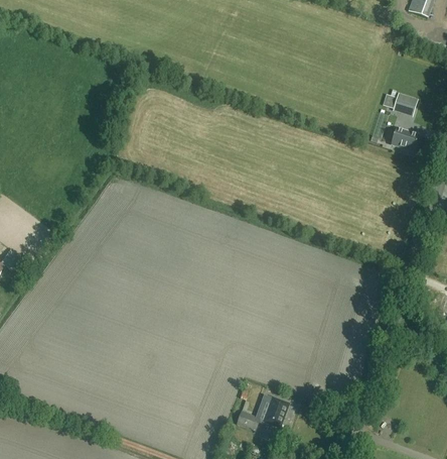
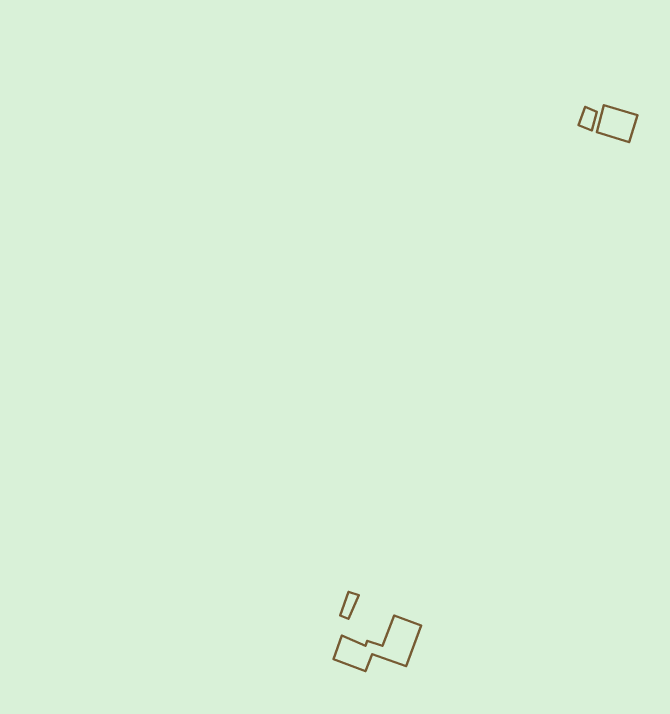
building: [391,128,419,152] -> none

